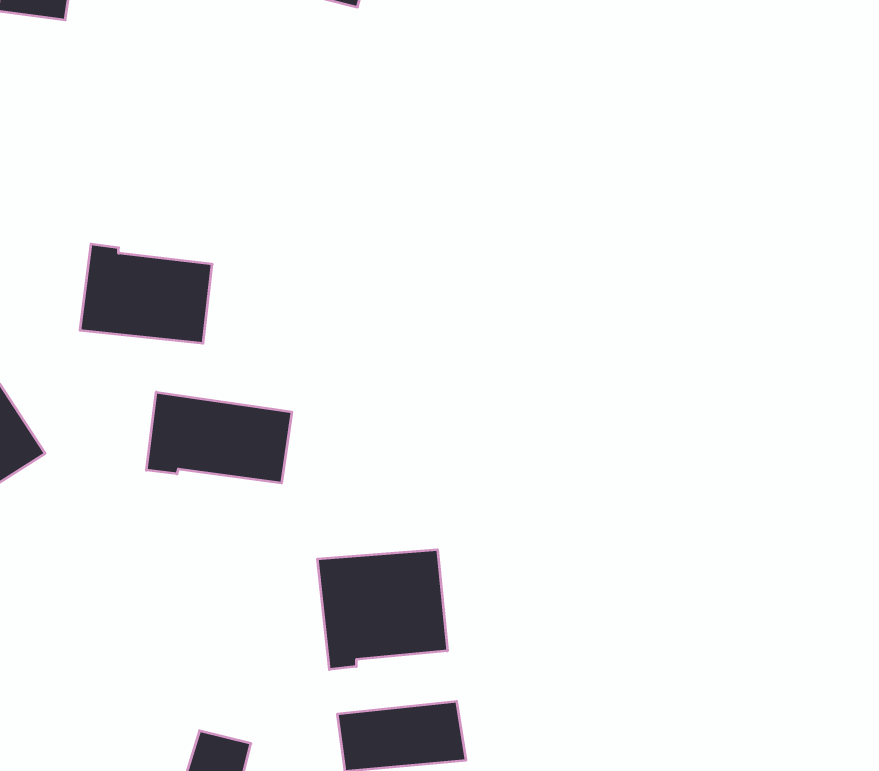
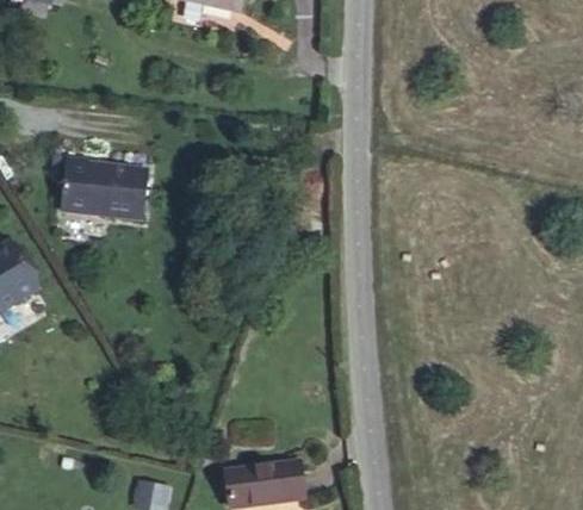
building: [146,392,292,483] -> none
building: [318,550,447,670] -> none

